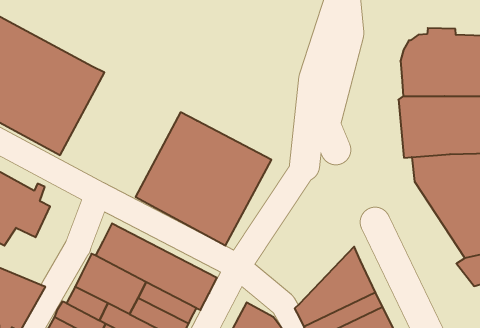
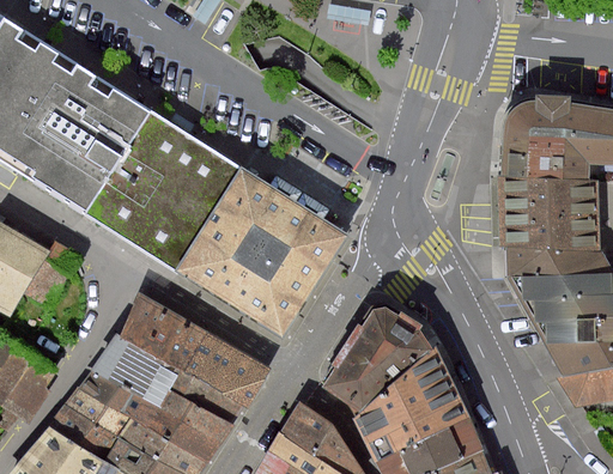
building: none -> [89,114,238,267]
building: none -> [324,306,436,412]

